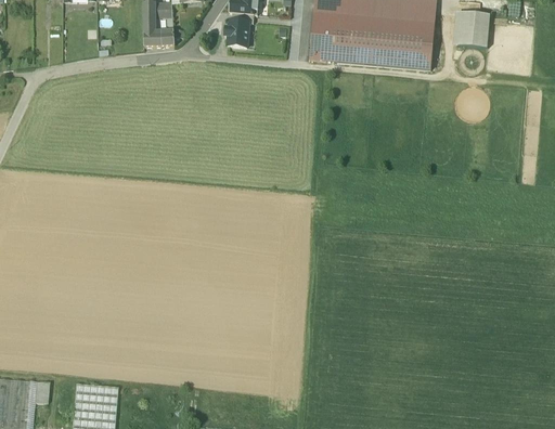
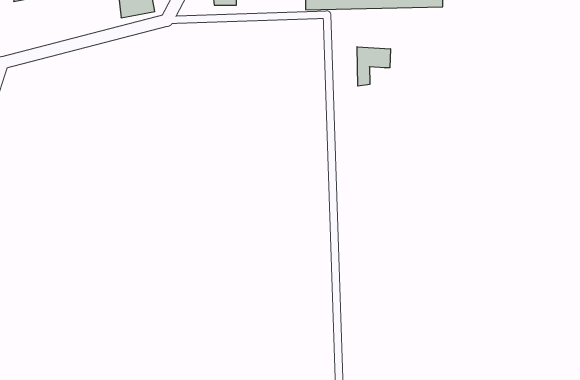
building: none -> [357,47,390,86]

